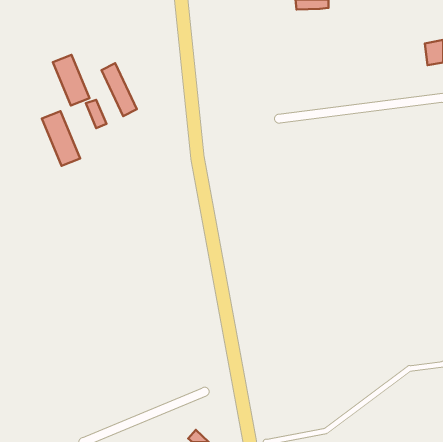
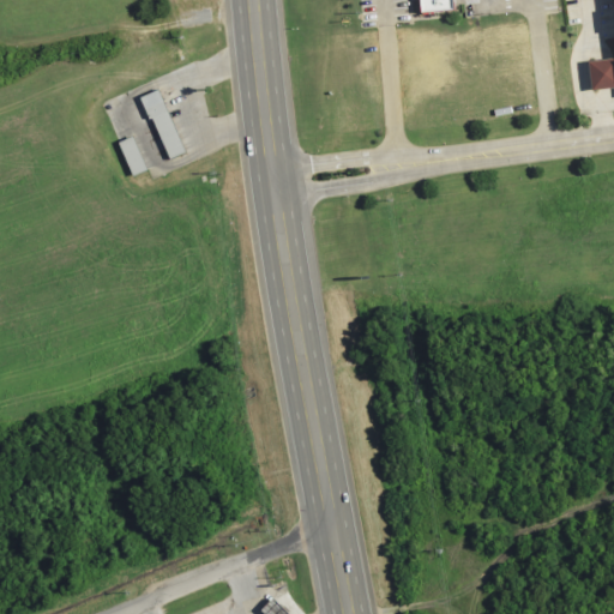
building: [53,55,89,105] -> none
building: [42,111,80,166] -> none

